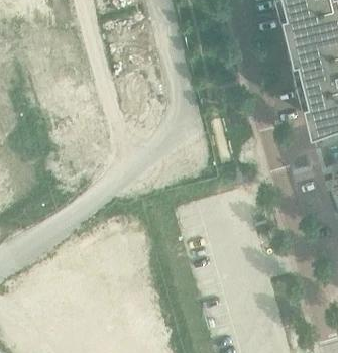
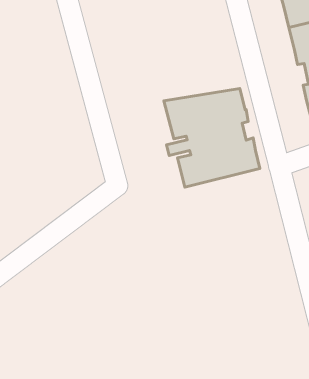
building: none -> [164,89,260,187]

